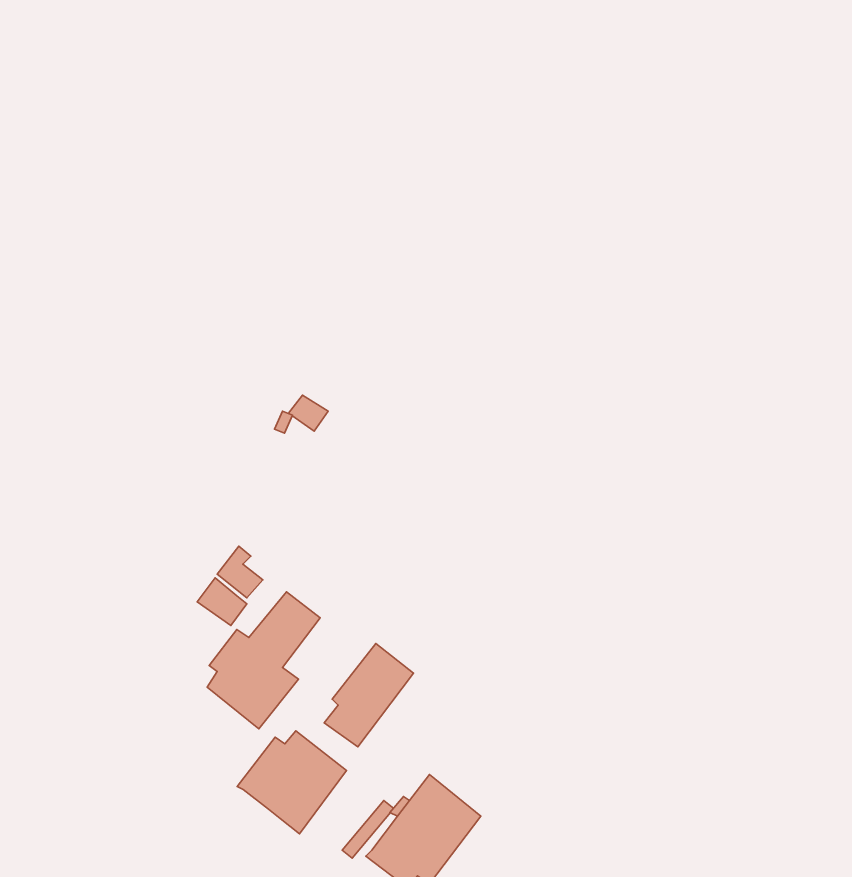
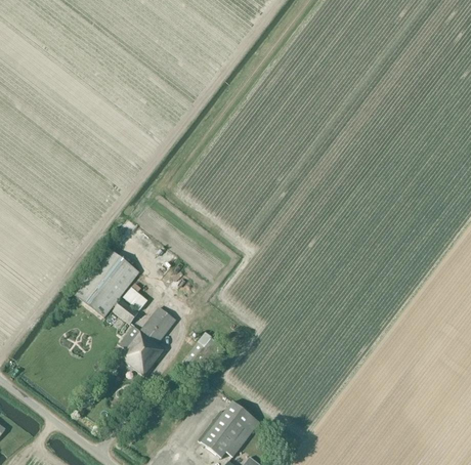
building: none -> [71,246,139,318]
building: [237,731,346,834] -> none

